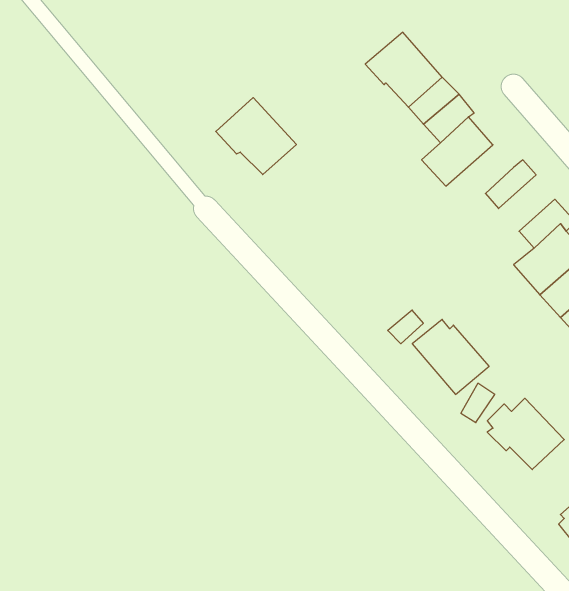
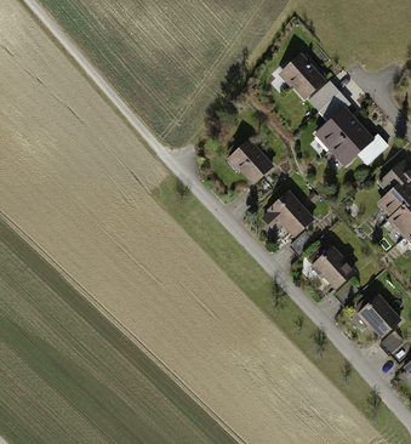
building: [216,98,296,175] -> [227,133,279,183]
building: none -> [330,126,373,169]
building: none -> [262,186,319,235]

